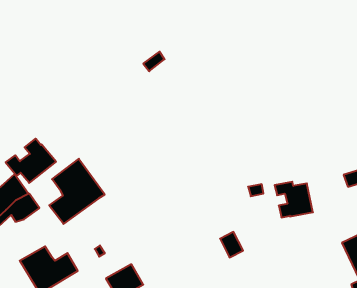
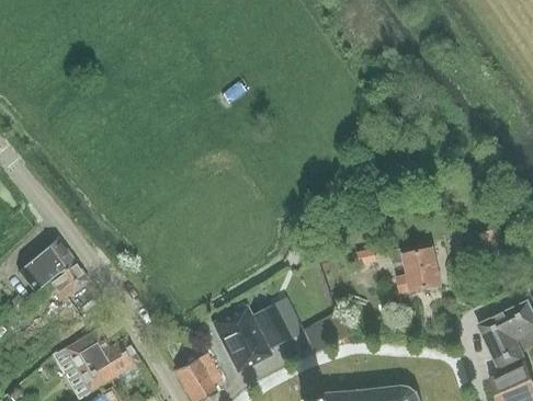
building: [6,139,56,183] -> none
building: [49,159,105,224] -> none
building: none -> [212,297,304,371]

